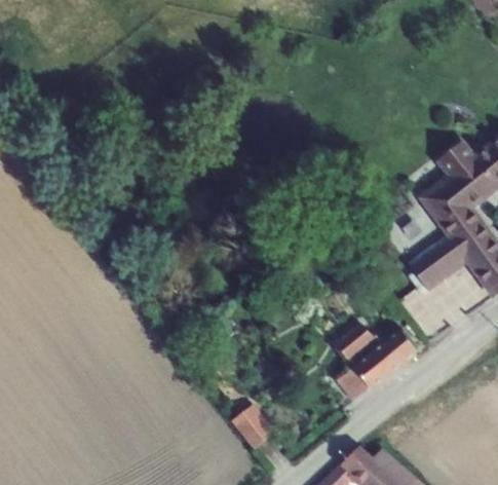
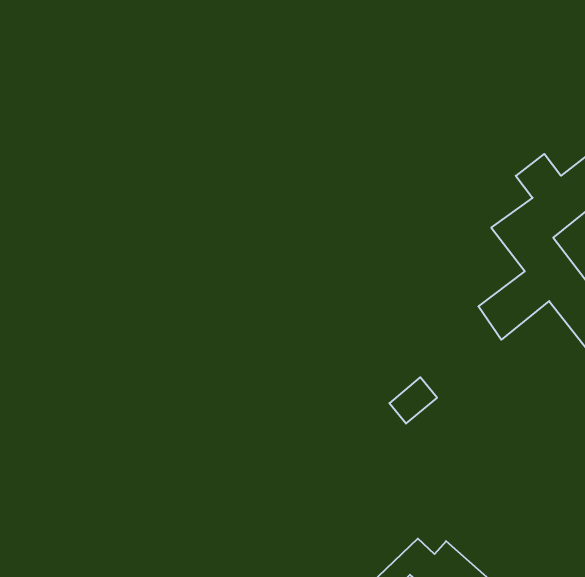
building: [338,330,417,401] -> none
building: [232,406,274,450] -> none

